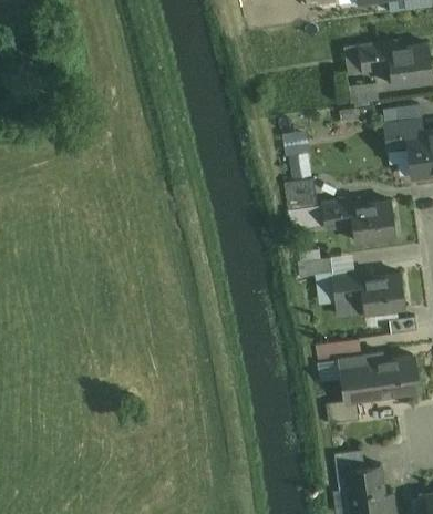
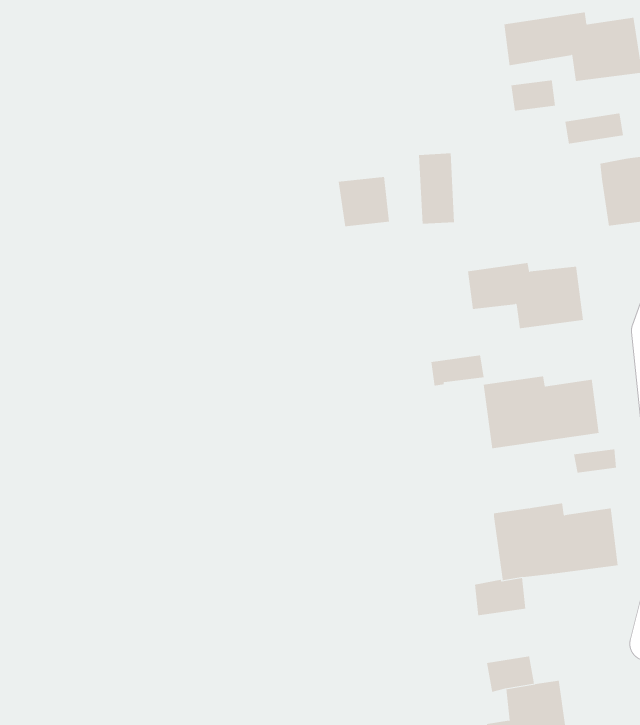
building: [383,120,423,151] -> none
building: [283,179,317,212] -> [338,176,390,227]
building: [316,340,361,364] -> none

